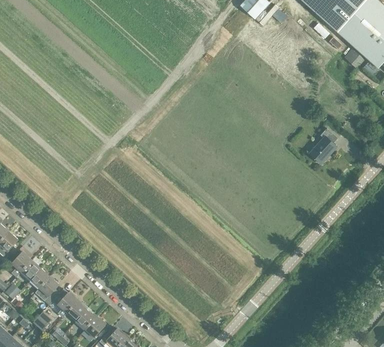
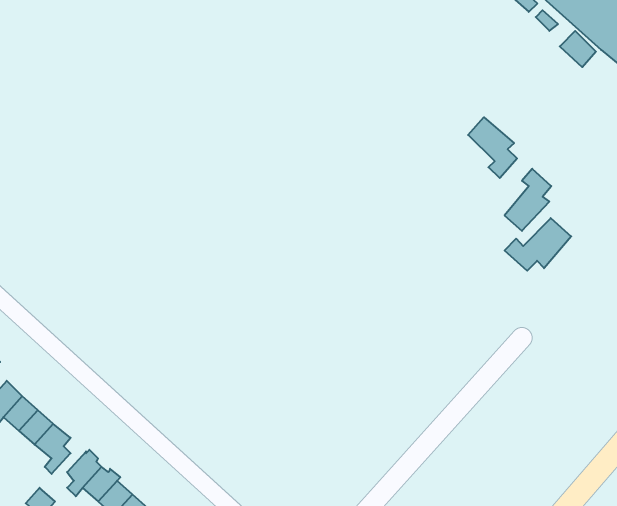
building: none -> [468,117,517,178]
building: none -> [505,218,571,271]

